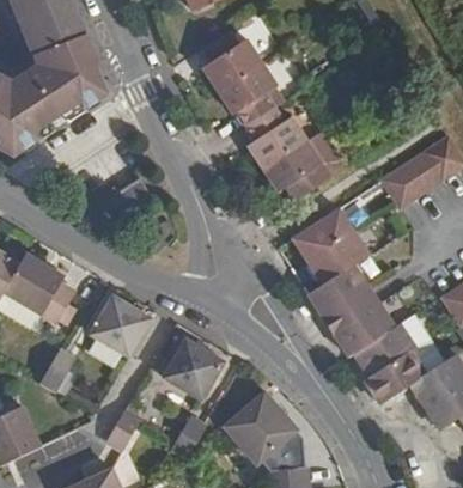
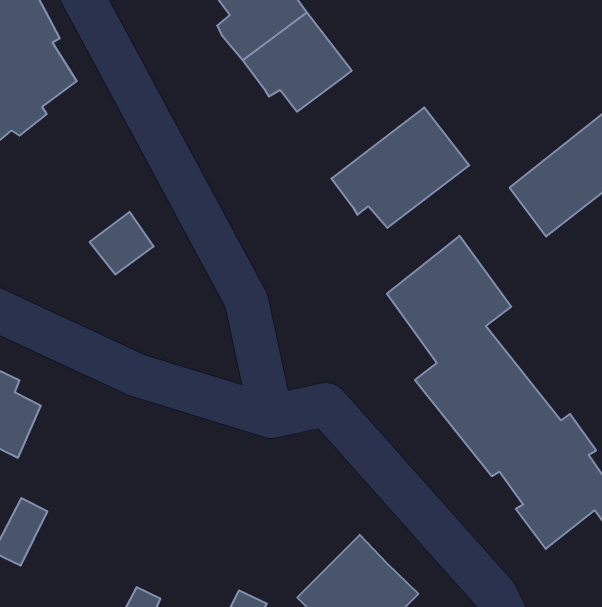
building: [248,103,310,164] -> none
building: [89,294,150,355] -> none
building: [162,335,224,399] -> none

